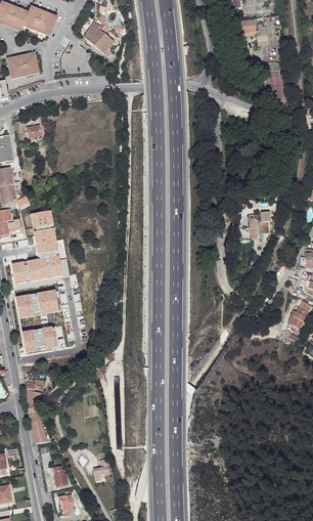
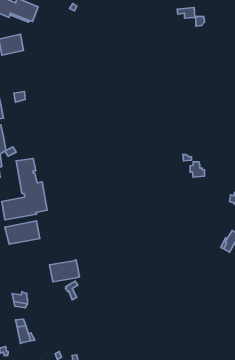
building: [84,23,115,54] -> none
building: [21,325,59,353] -> [50,260,80,282]

